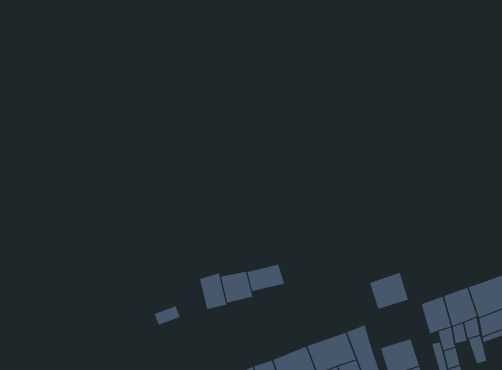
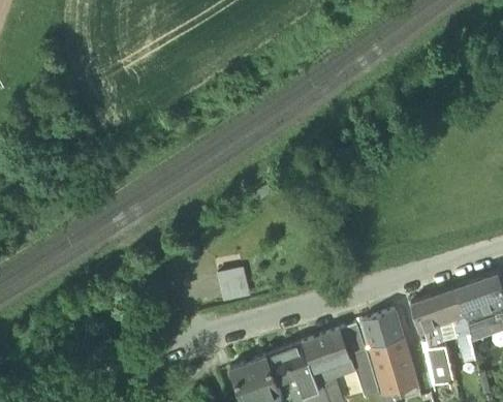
building: [247,264,285,292] -> none
building: [369,272,409,309] -> [364,309,402,345]
building: [199,273,227,310] -> none

